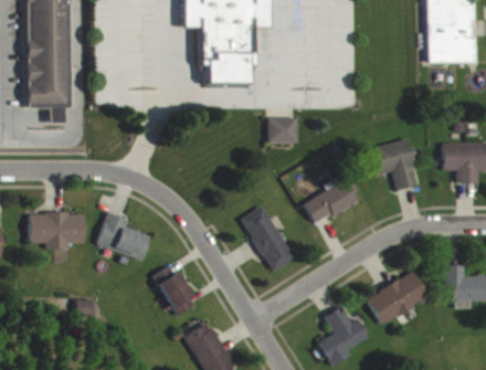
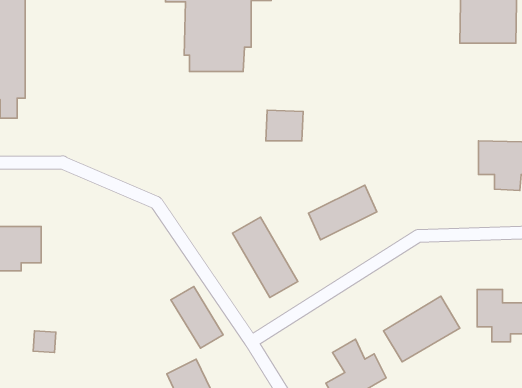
building: [368,138,419,189] -> none
building: [96,212,150,260] -> none
building: [152,264,196,315] -> [171,287,223,348]

